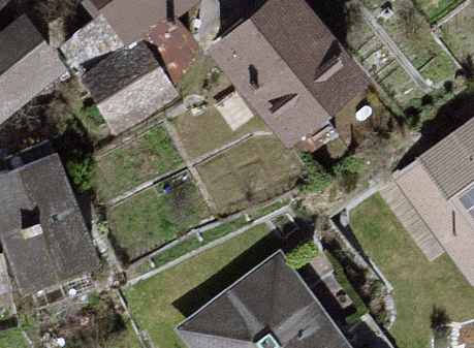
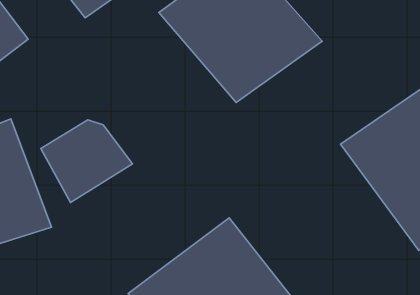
building: [83,51,176,134] -> [41,120,133,202]

